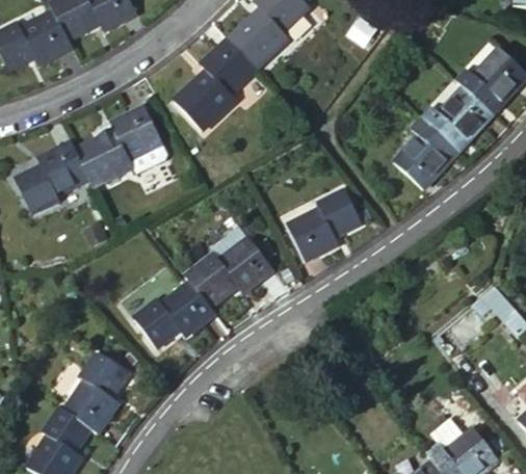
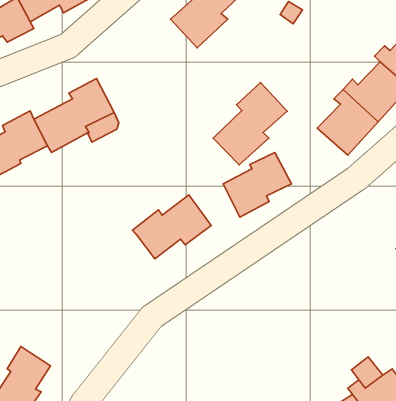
building: [174,37,257,130] -> [213,83,287,165]
building: [133,281,214,348] -> none
building: [58,350,129,432] -> none

